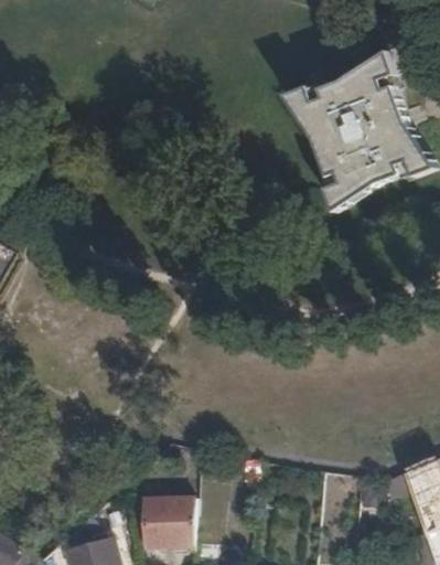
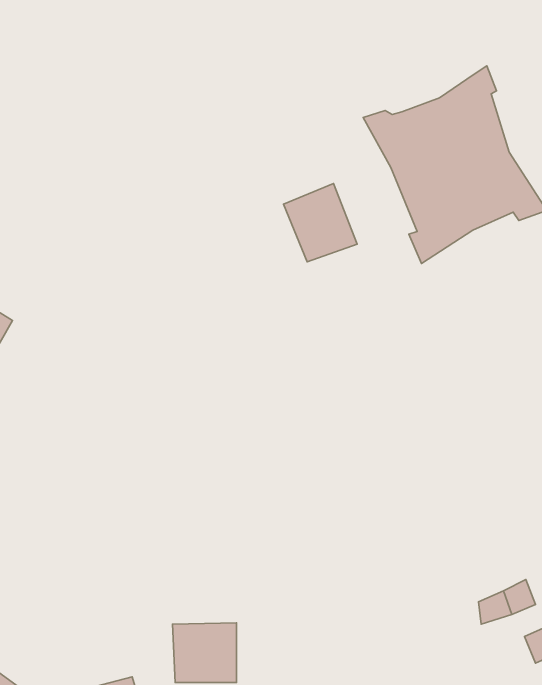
building: none -> [284,183,357,262]

